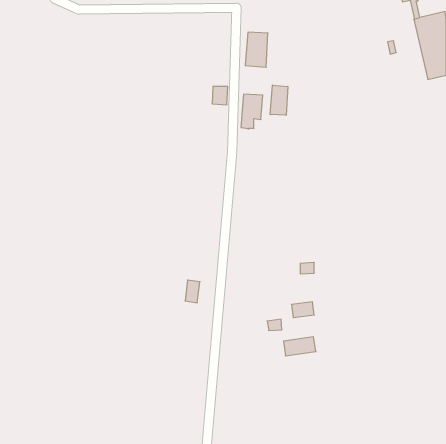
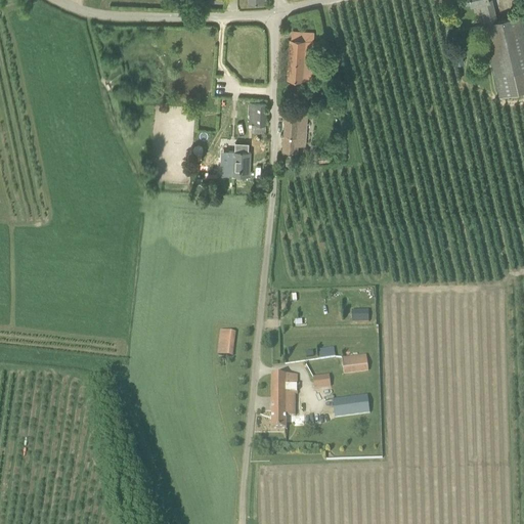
building: [270,85,288,115] -> none
building: none -> [228,149,250,174]
building: none -> [272,374,297,427]

